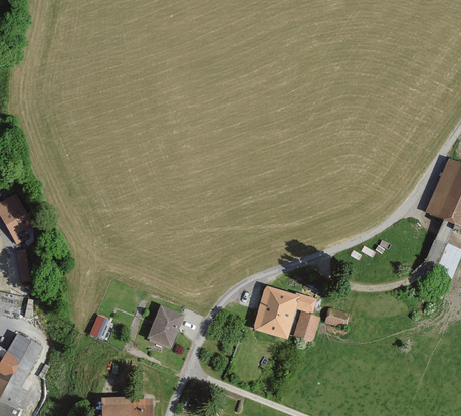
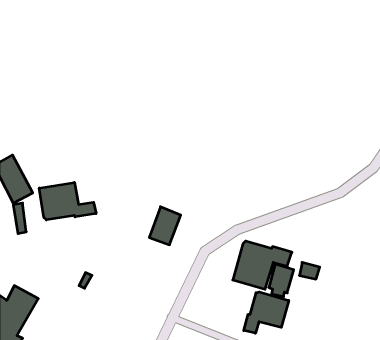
building: none -> [39,182,96,220]
building: [148,304,182,346] -> [149,207,181,245]
building: none -> [244,292,289,333]

